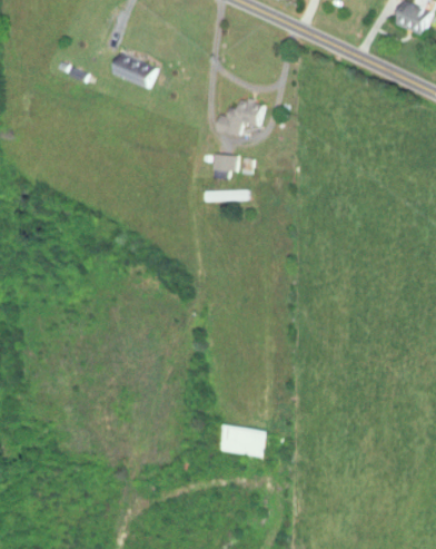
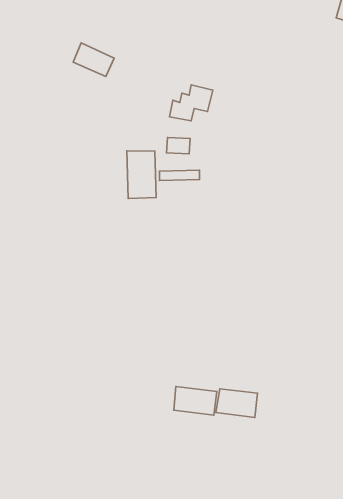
building: none -> [127,151,156,198]
building: none -> [216,389,258,417]

